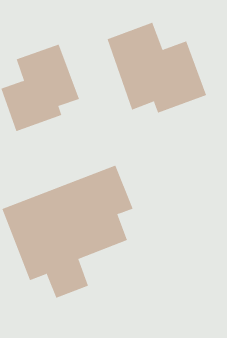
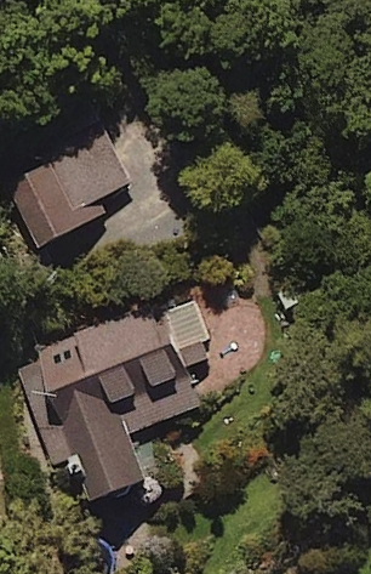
building: [107,22,207,113] -> none

